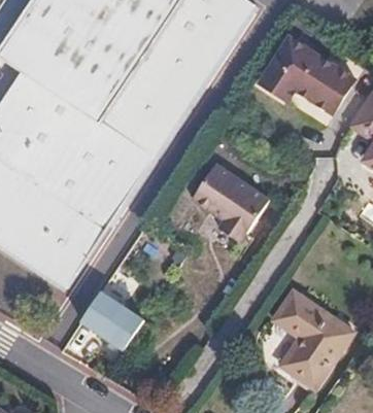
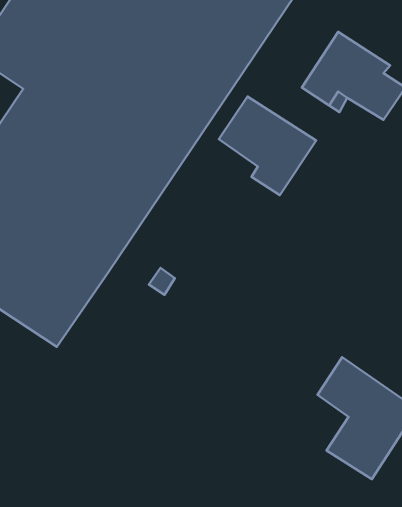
building: [193,166,270,244] -> [219,97,316,195]
building: [82,279,136,346] -> none

